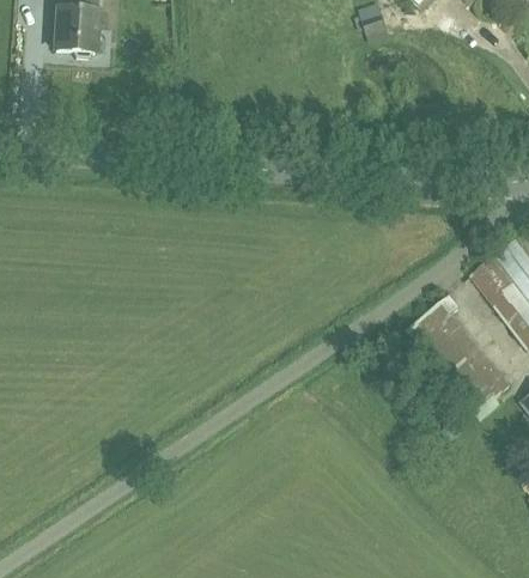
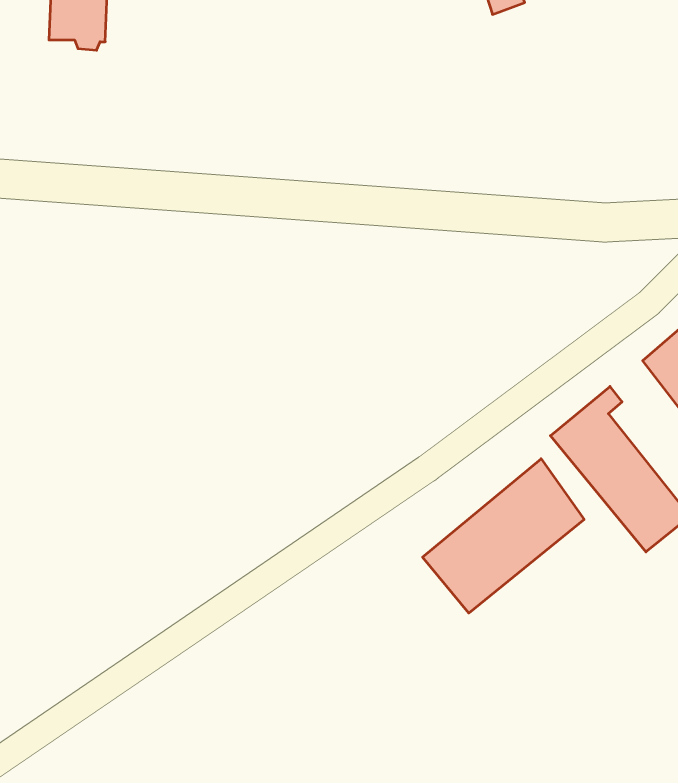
building: none -> [423,459,584,613]

